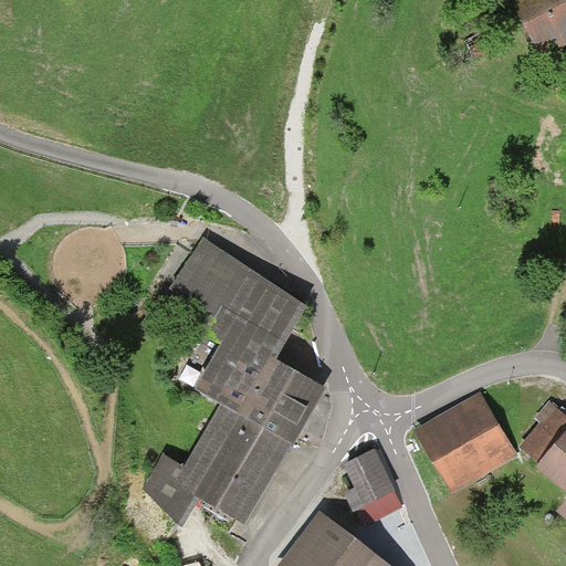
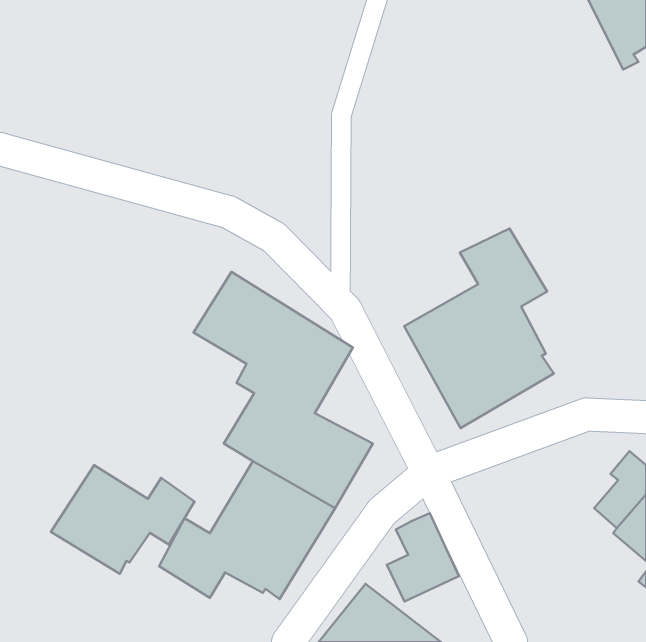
building: none -> [404,229,554,428]
building: [416,392,515,490] -> none
building: none -> [51,465,194,574]

